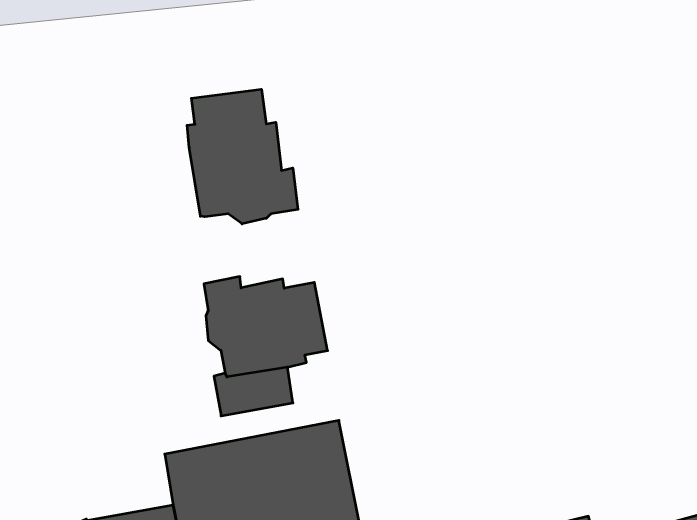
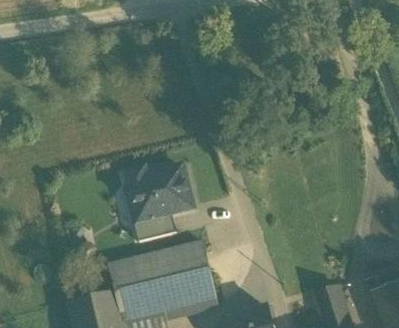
building: [187,89,298,224] -> none

